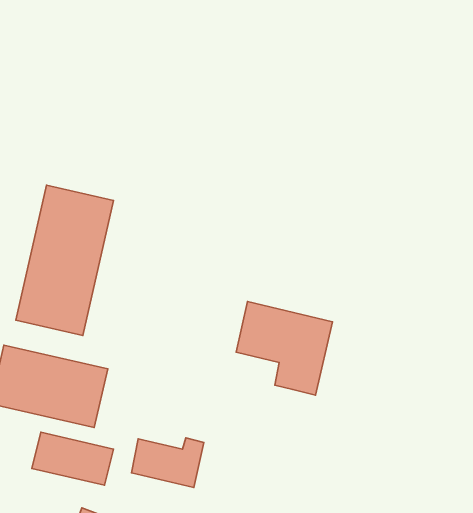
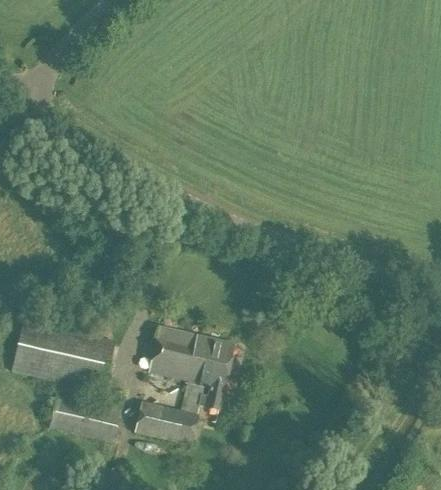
building: [16,185,114,335] -> none
building: [236,301,332,395] -> [151,326,236,409]

